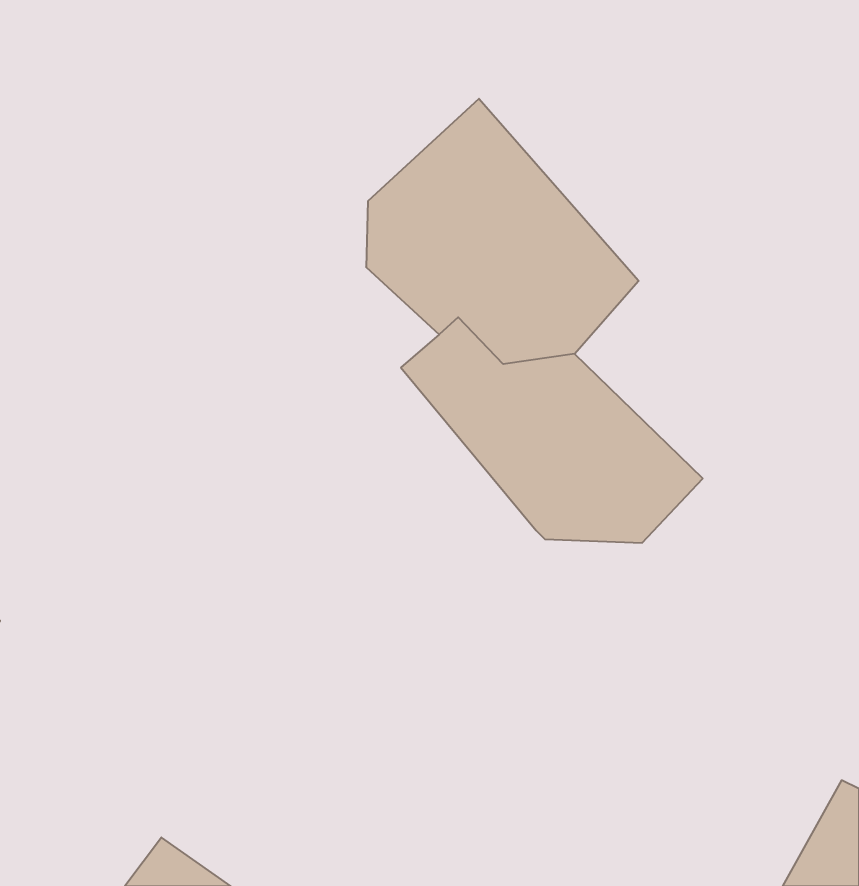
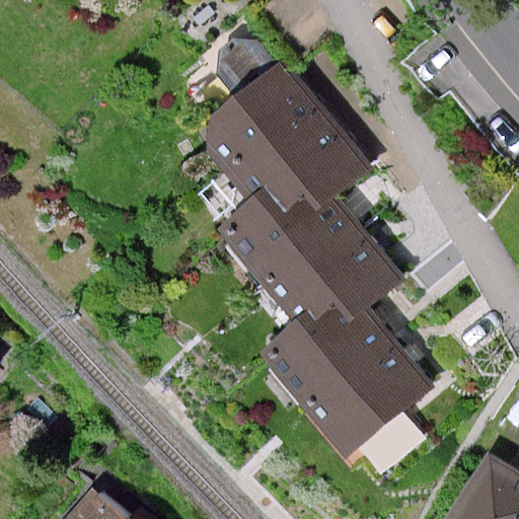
building: none -> [269,310,434,451]

